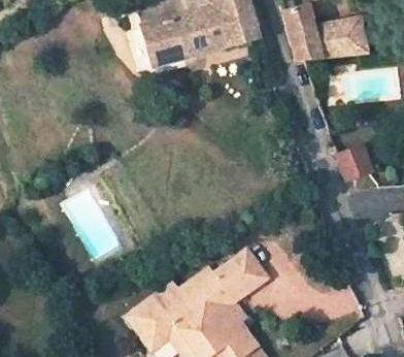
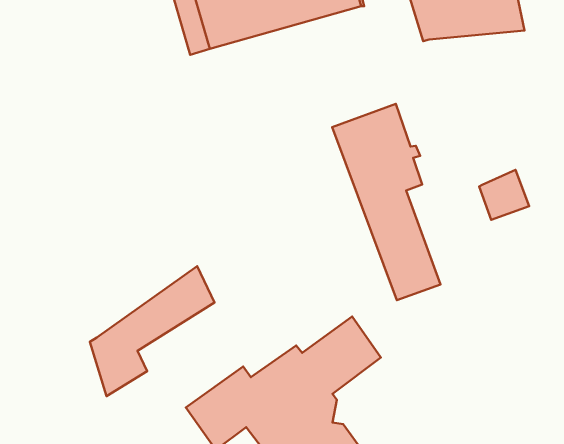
building: none -> [332,104,440,300]
building: none -> [90,266,215,396]

